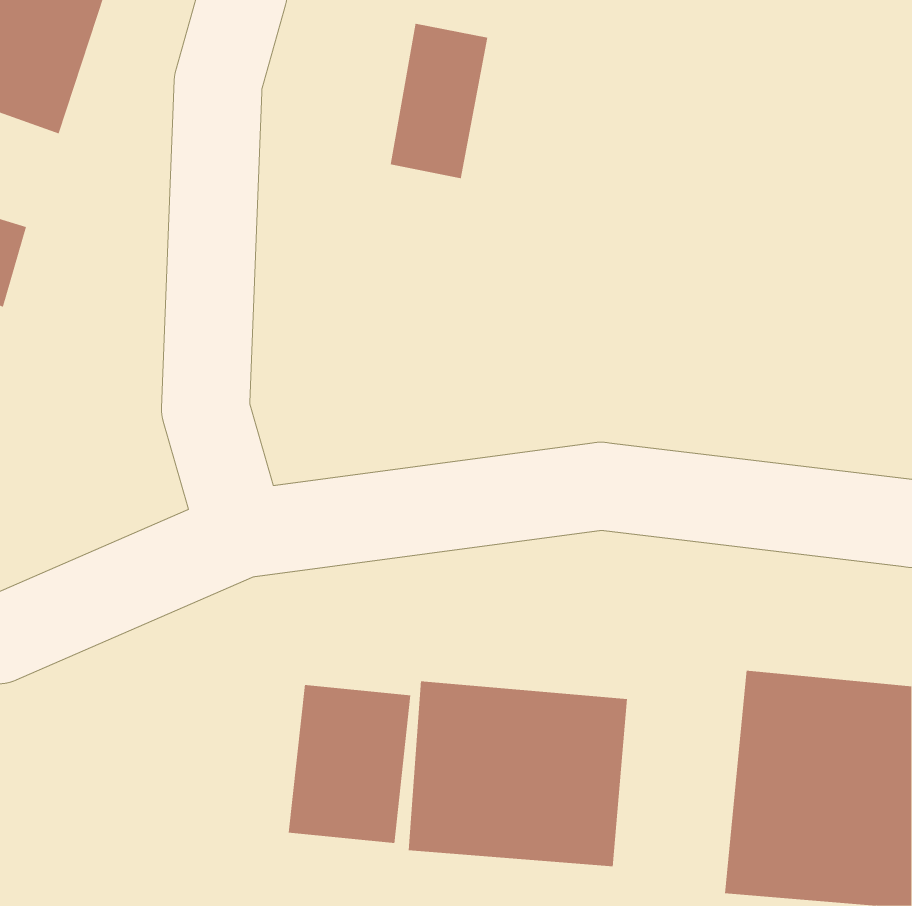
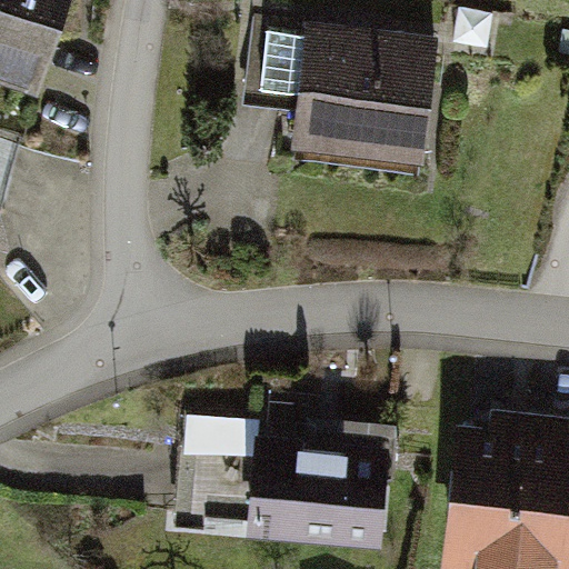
building: none -> [296,23,445,156]

